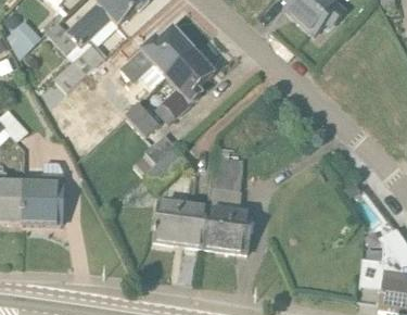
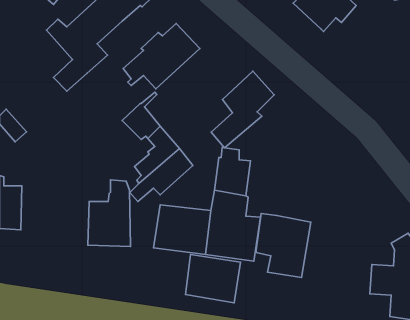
building: [8,18,40,53] -> none
building: [154,49,215,123] -> [211,71,274,148]
building: [22,161,63,225] -> [88,180,131,246]
building: none -> [256,213,311,277]
building: none -> [186,255,240,303]

